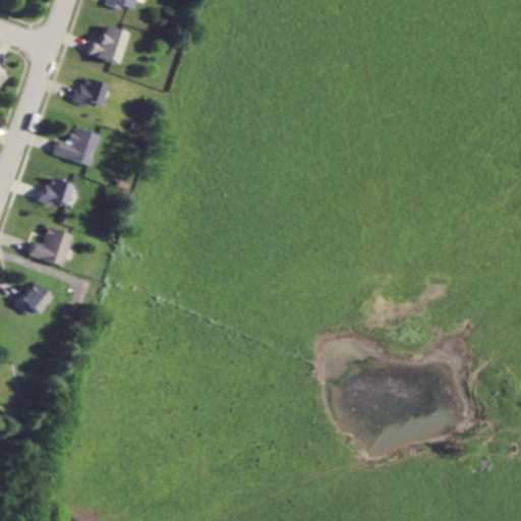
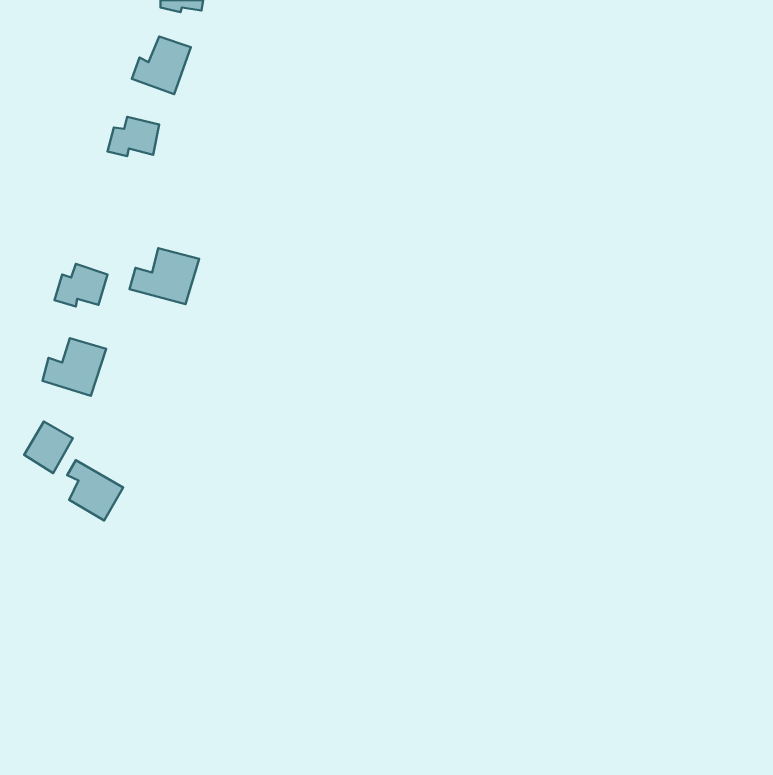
building: [53,127,100,165] -> [130,248,199,304]
building: none -> [67,460,123,521]

